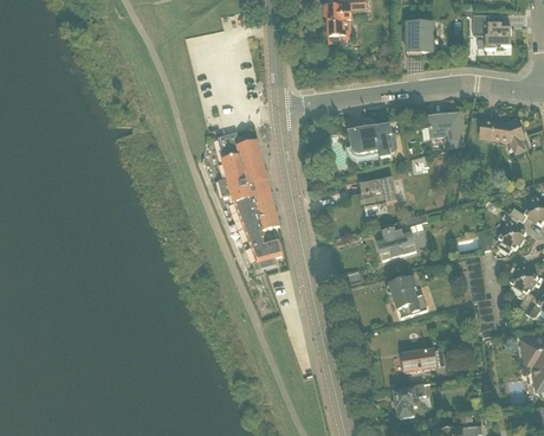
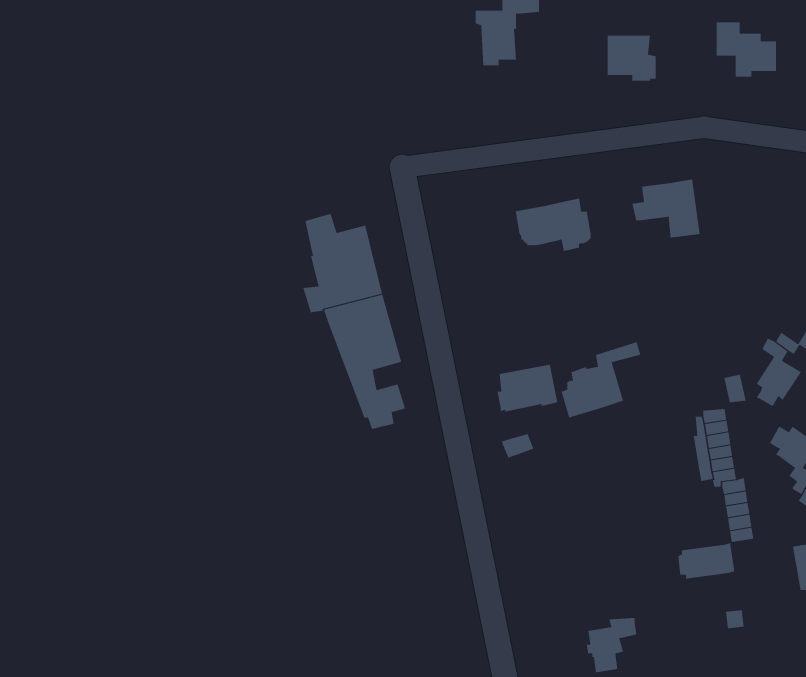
building: [480,121,524,153] -> none
building: [358,177,396,206] -> [497,364,558,412]
building: [387,277,427,318] -> none
building: [401,348,436,371] -> [677,543,735,579]

